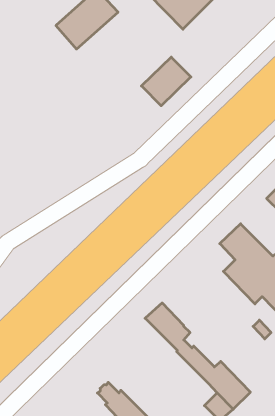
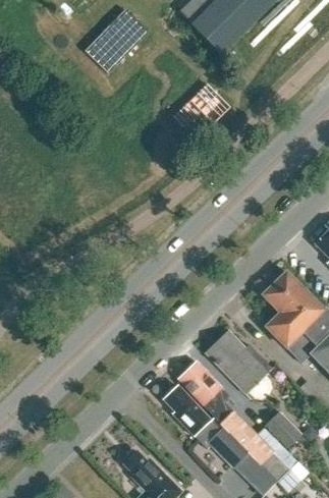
building: none -> [206,330,273,399]
building: none -> [164,385,250,467]
building: none -> [267,411,301,447]

